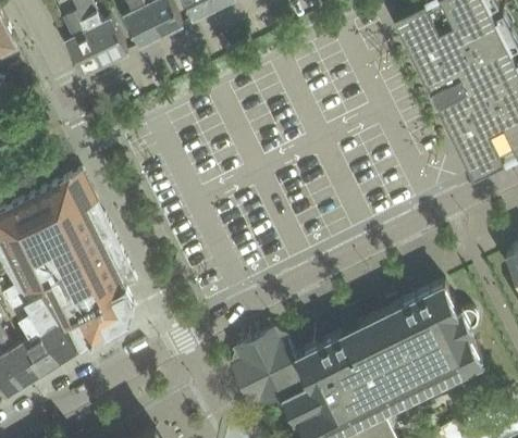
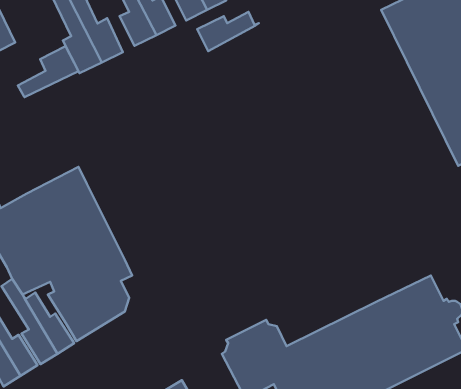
building: none -> [197,12,259,51]
building: none -> [18,46,78,97]

